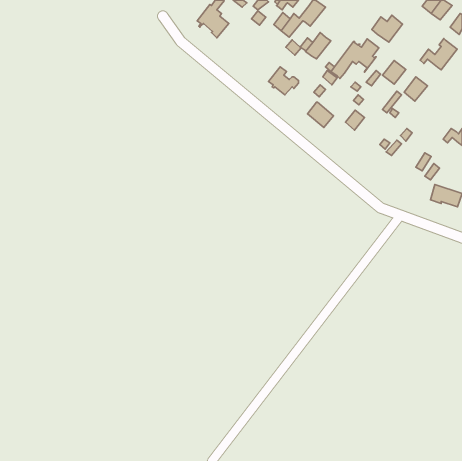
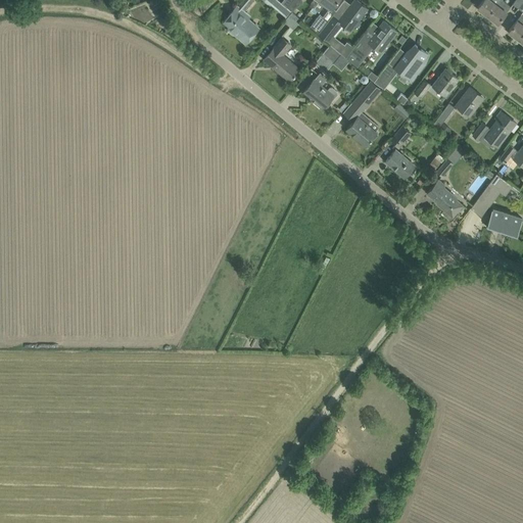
building: [372,15,403,42] -> [362,21,396,52]
building: none -> [265,39,298,81]
building: [420,38,457,70] -> [474,111,516,147]
building: none -> [385,150,415,178]
building: none -> [427,180,463,216]

